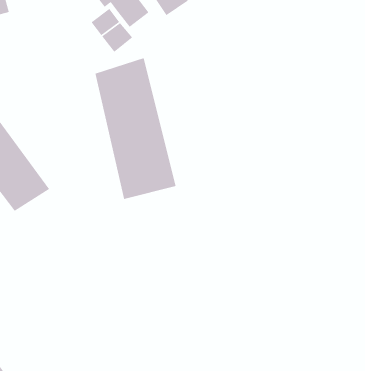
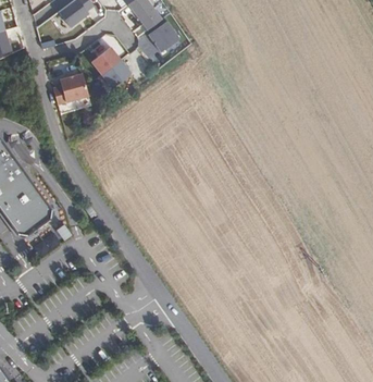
building: none -> [53,73,88,103]
building: [95,57,176,200] -> none

